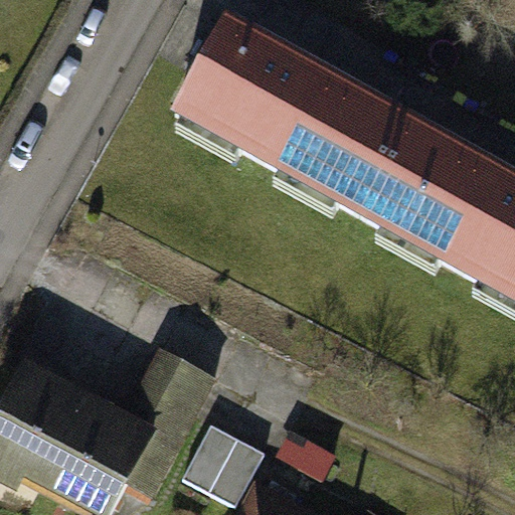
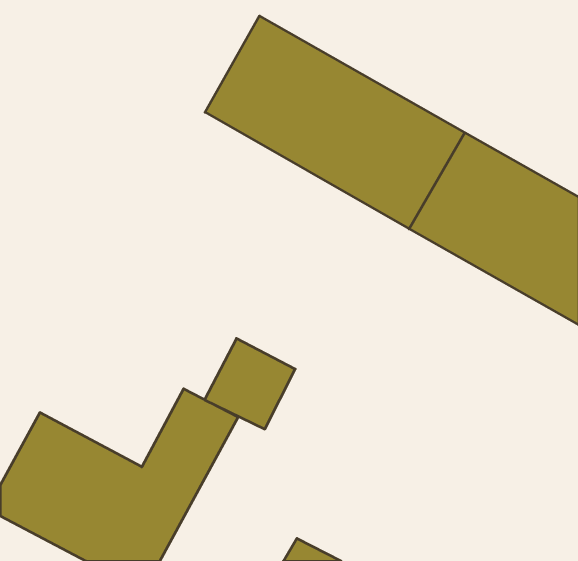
building: [190,411,271,492] -> [205,338,295,429]

